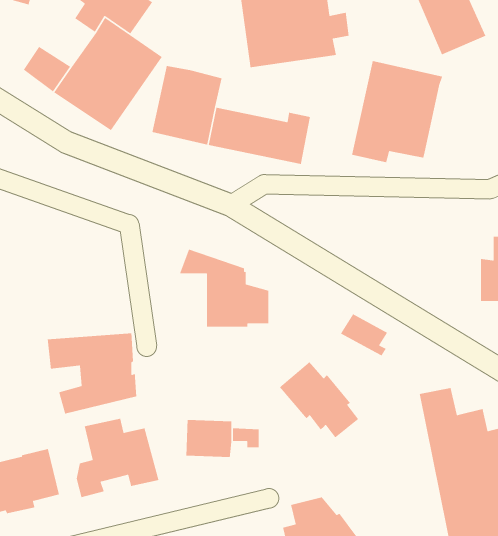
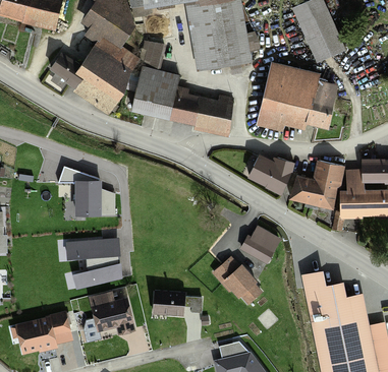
building: none -> [141,40,163,70]
building: none -> [306,80,336,127]
building: none -> [247,156,293,194]
building: none -> [290,163,344,208]
building: [179,248,269,327] -> [59,165,116,214]
building: none -> [240,235,274,263]

